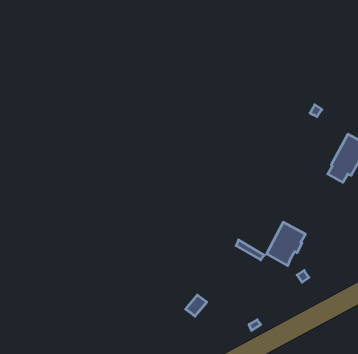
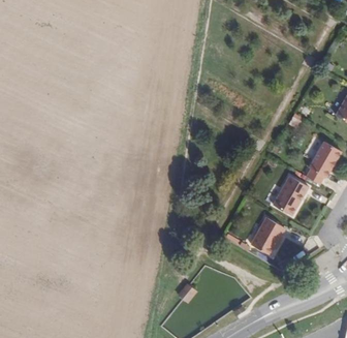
building: none -> [272,177,307,217]

